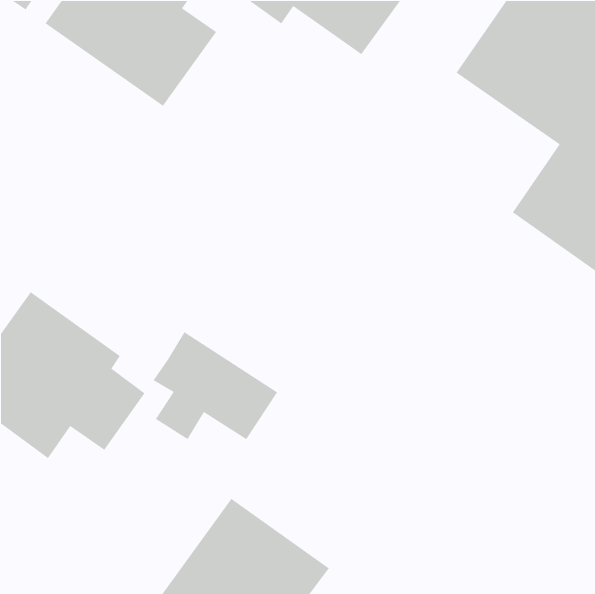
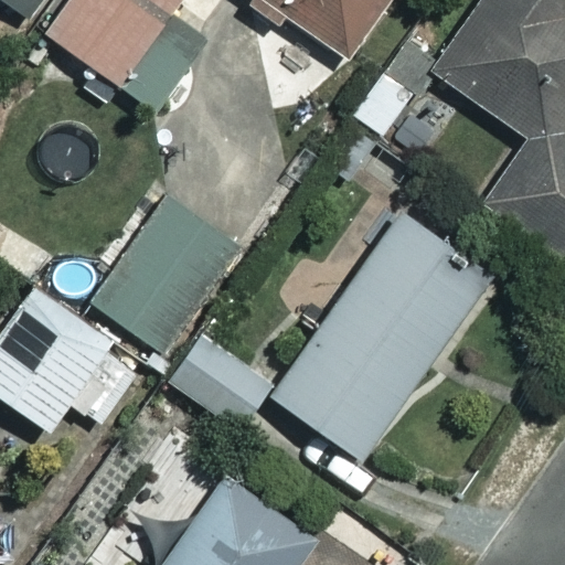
building: none -> [90,186,233,342]
building: none -> [269,214,490,459]

